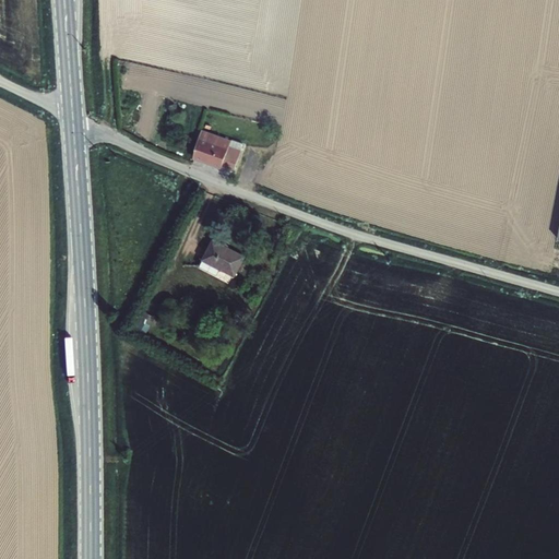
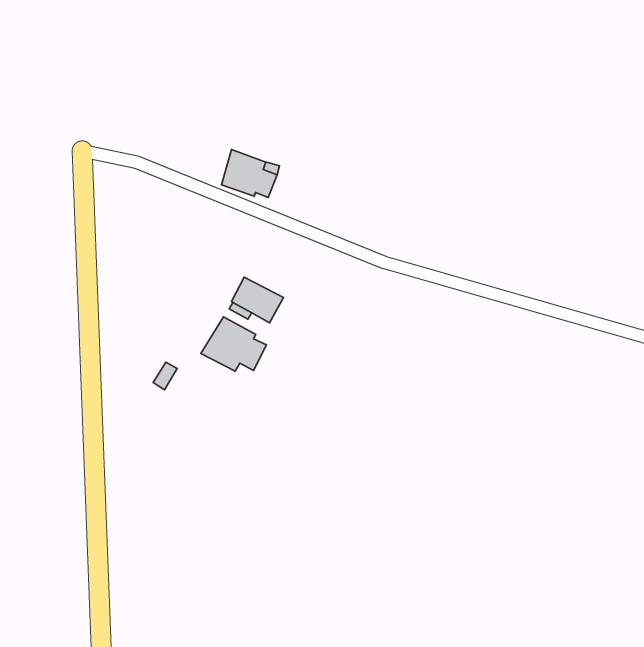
building: none -> [201,317,266,371]

